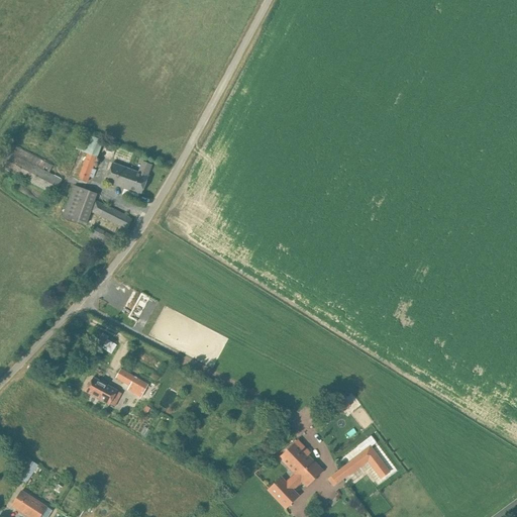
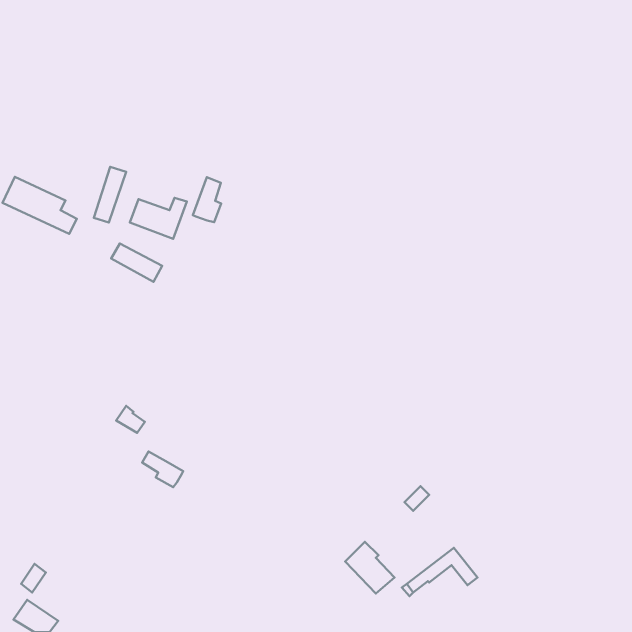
building: none -> [193,177,221,222]
building: [63,185,97,225] -> none
building: [85,377,118,405] -> none
building: [270,479,298,508] -> none

